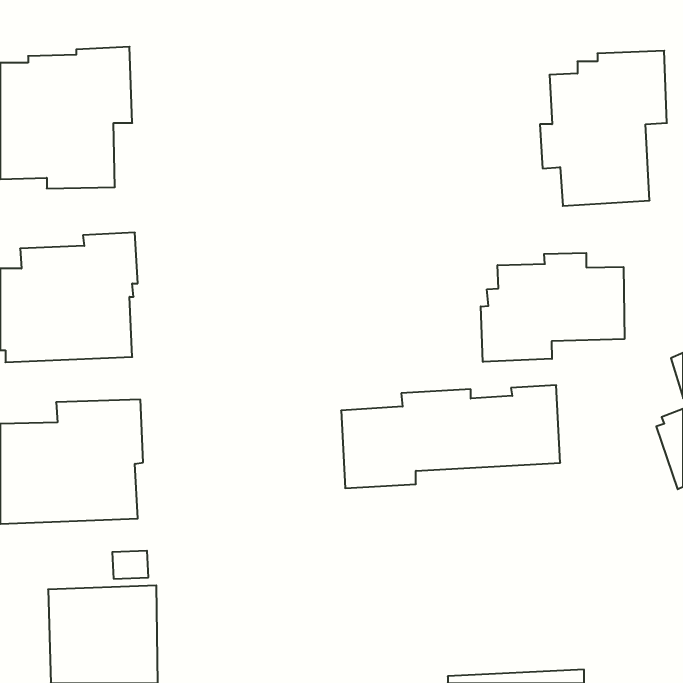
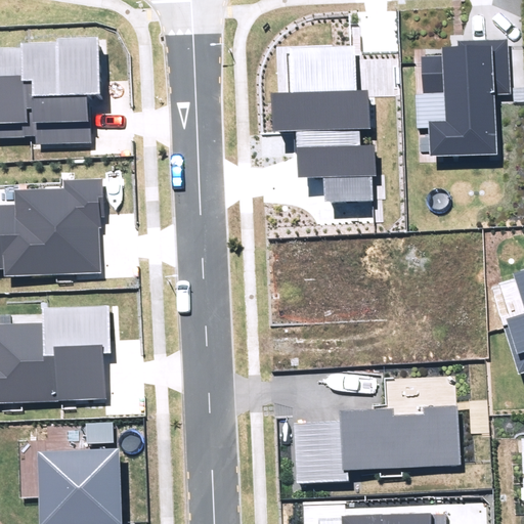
building: none -> [271,48,378,202]
building: [481,253,624,362] -> none
building: [341,385,560,488] -> [293,405,461,484]

